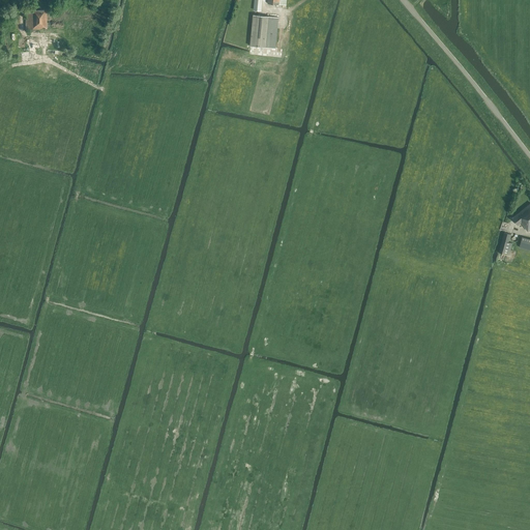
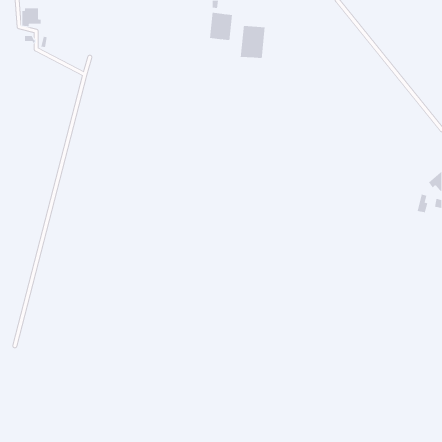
building: none -> [240,25,265,59]

